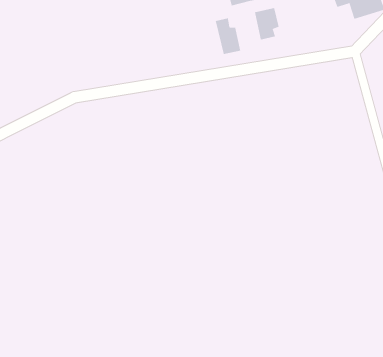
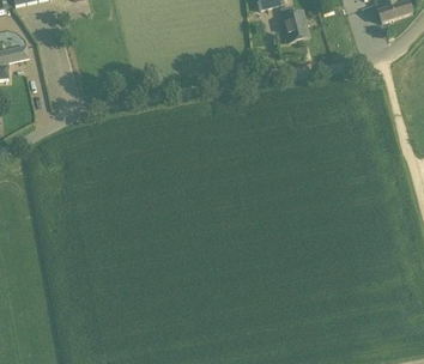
building: [215,17,241,55] -> none

